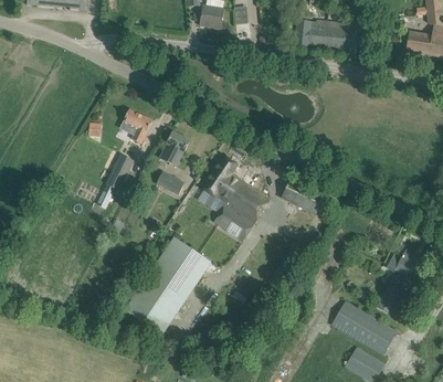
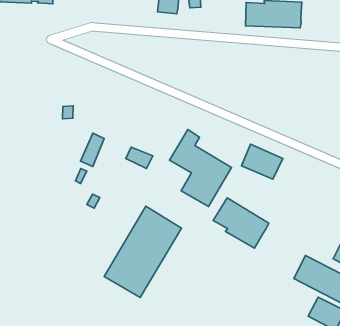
building: [120,108,152,142] -> none
building: [160,130,190,165] -> none
building: none -> [213,198,269,248]

